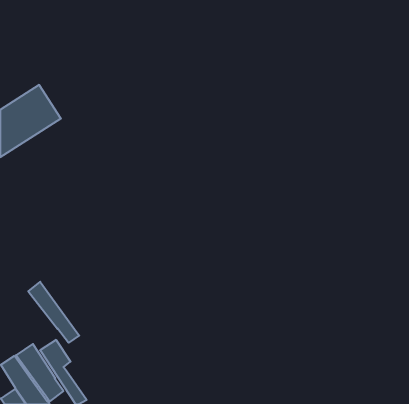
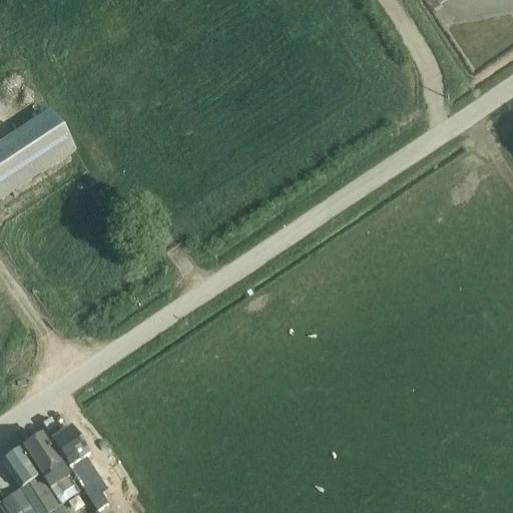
building: [28,282,79,343] -> none

